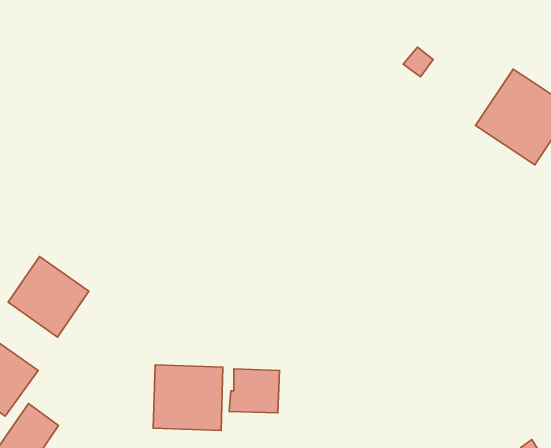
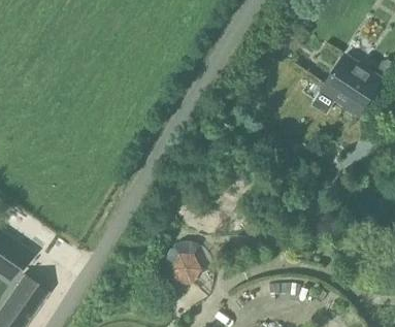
building: [8,256,89,337] -> none
building: [153,365,223,431] -> none

